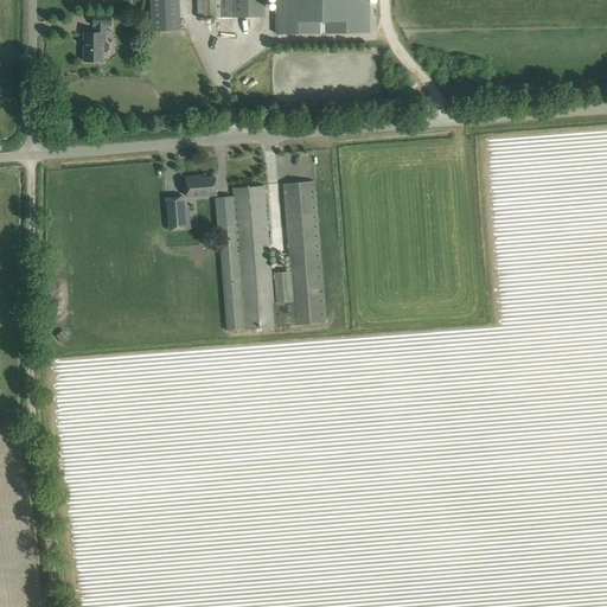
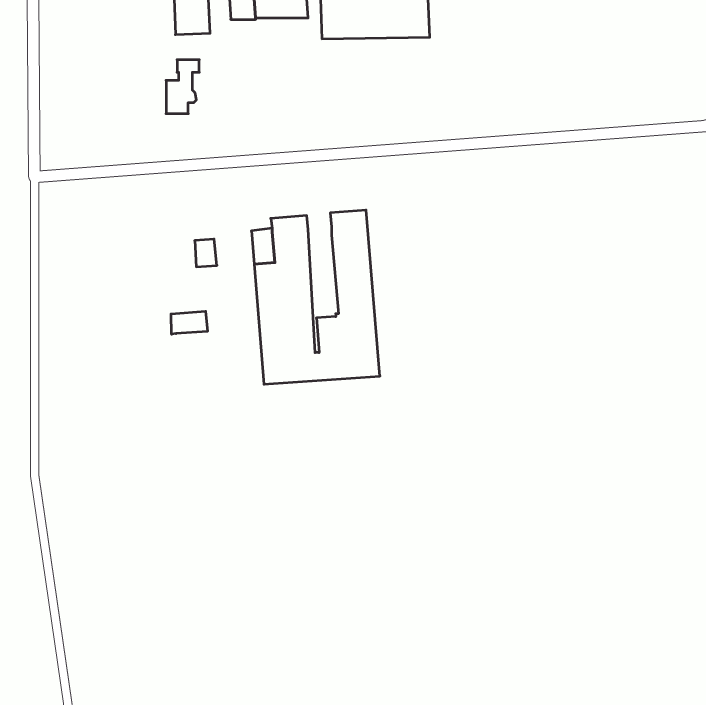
building: [83,14,111,60] -> [166,60,199,114]
building: [186,175,216,196] -> none
building: none -> [171,311,207,334]

